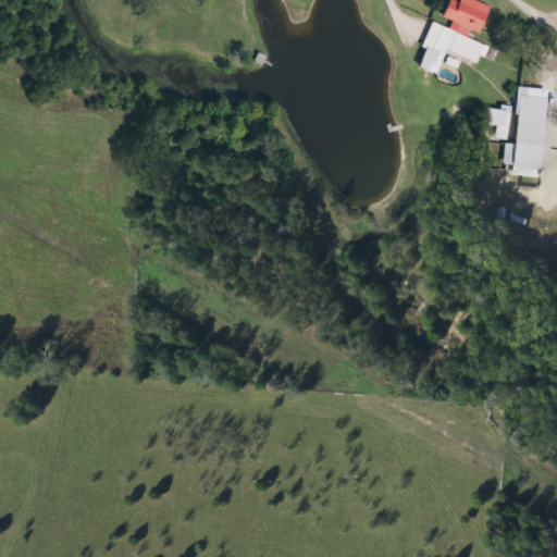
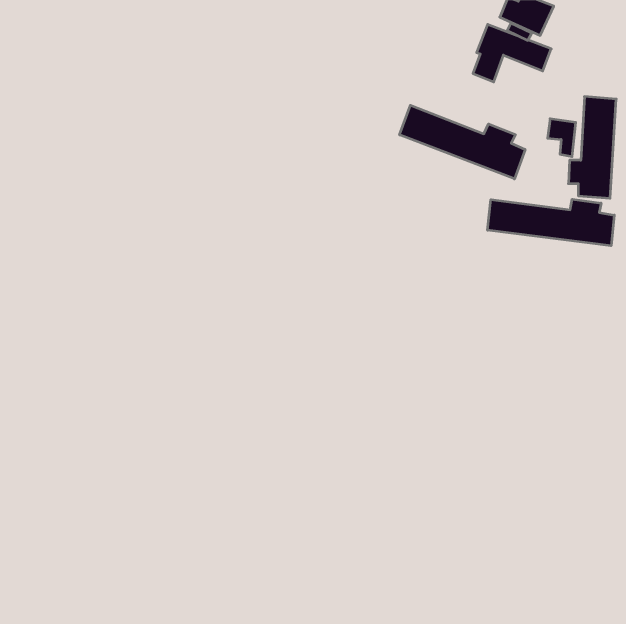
building: none -> [400,105,525,179]
building: none -> [488,199,614,246]

